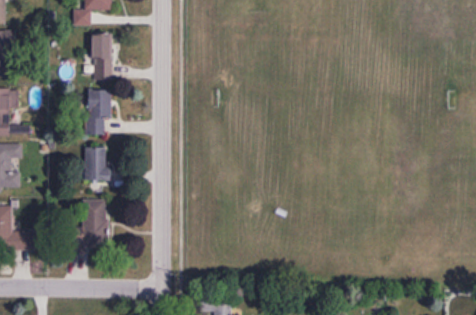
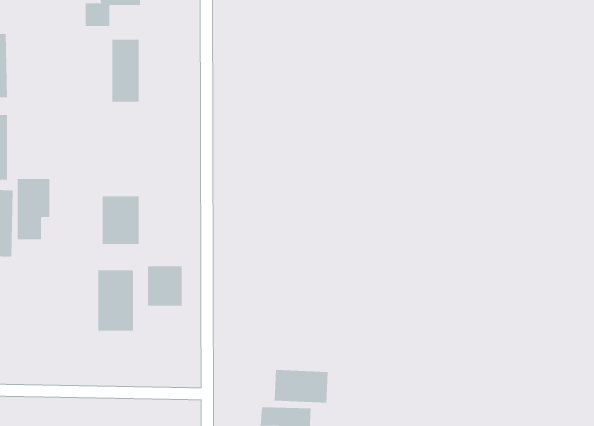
building: [87,90,111,134] -> [17,178,50,240]
building: none -> [147,266,182,306]
building: none -> [274,369,328,403]

